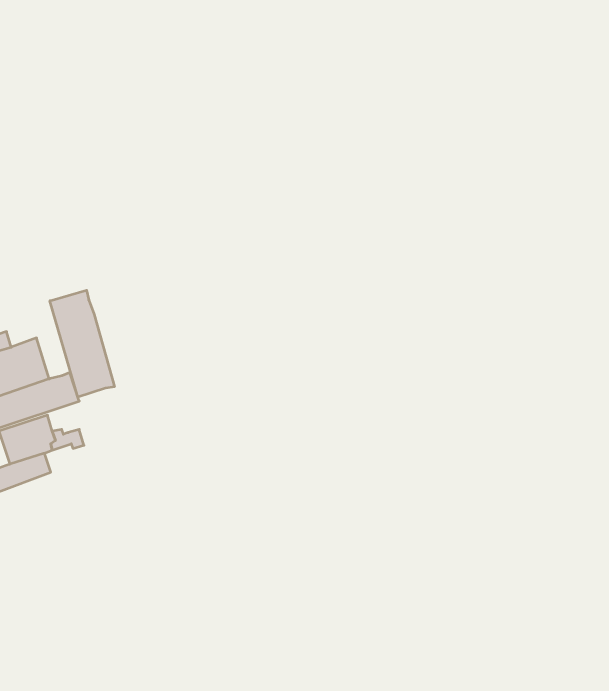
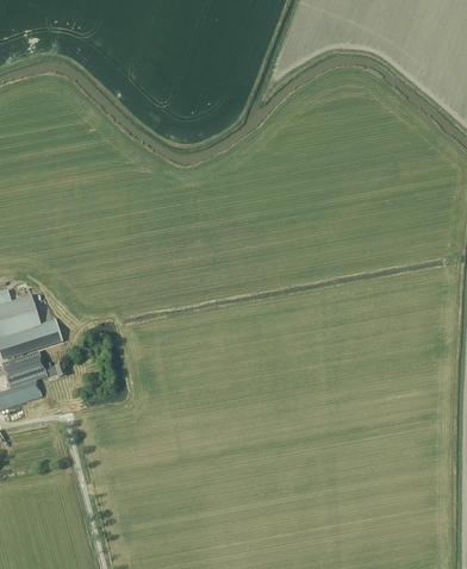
building: [50,290,114,397] -> none

